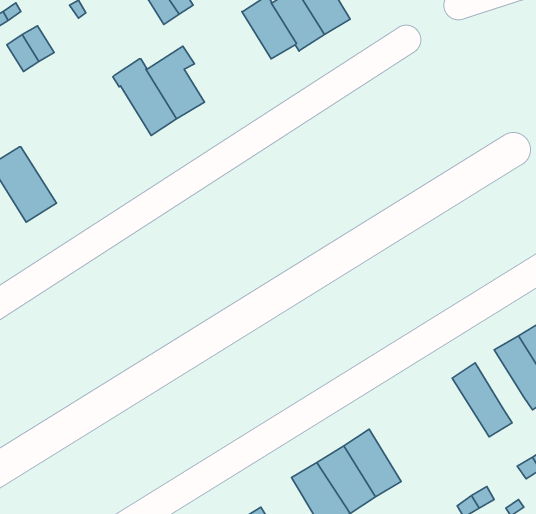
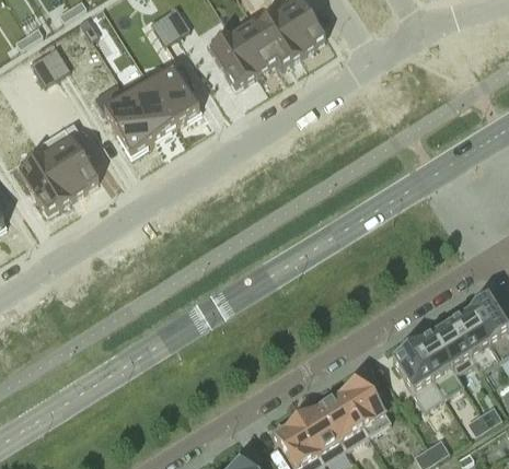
building: none -> [207,27,257,86]
building: none -> [105,95,154,152]
building: none -> [38,121,100,196]
building: none -> [432,321,474,372]
building: none -> [393,345,444,408]
building: none -> [342,376,391,434]

